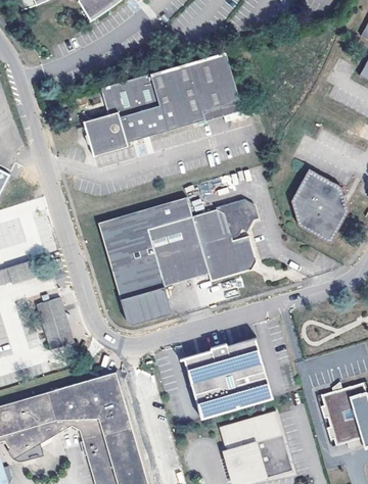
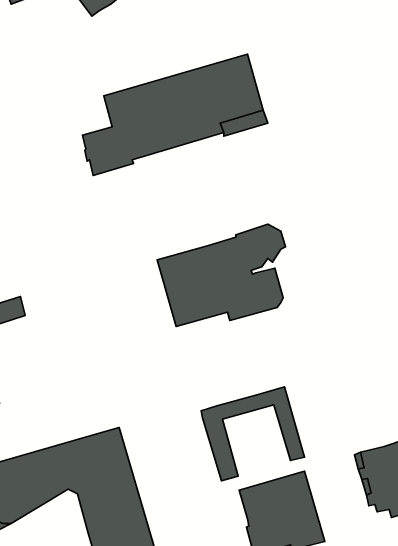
building: [291,168,348,243] -> none
building: [97,197,192,325] -> none
building: [36,297,74,349] -> none
building: [204,353,263,415] -> none

